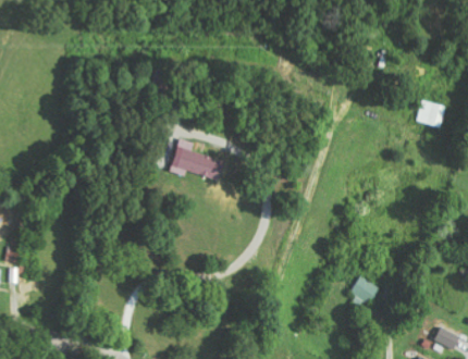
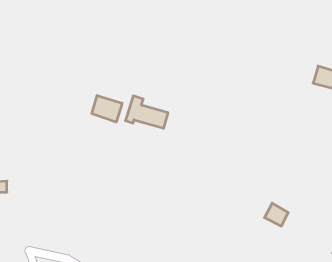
building: none -> [92,95,122,122]

